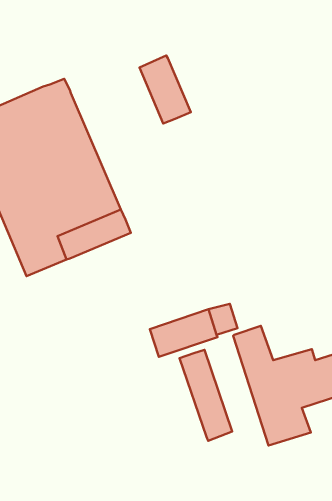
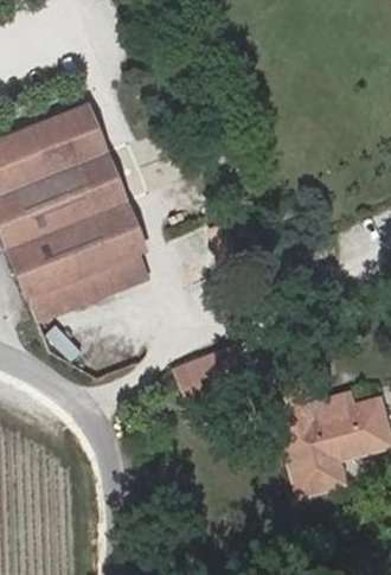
building: [140,55,191,124] -> none
building: [180,350,232,441] -> none

